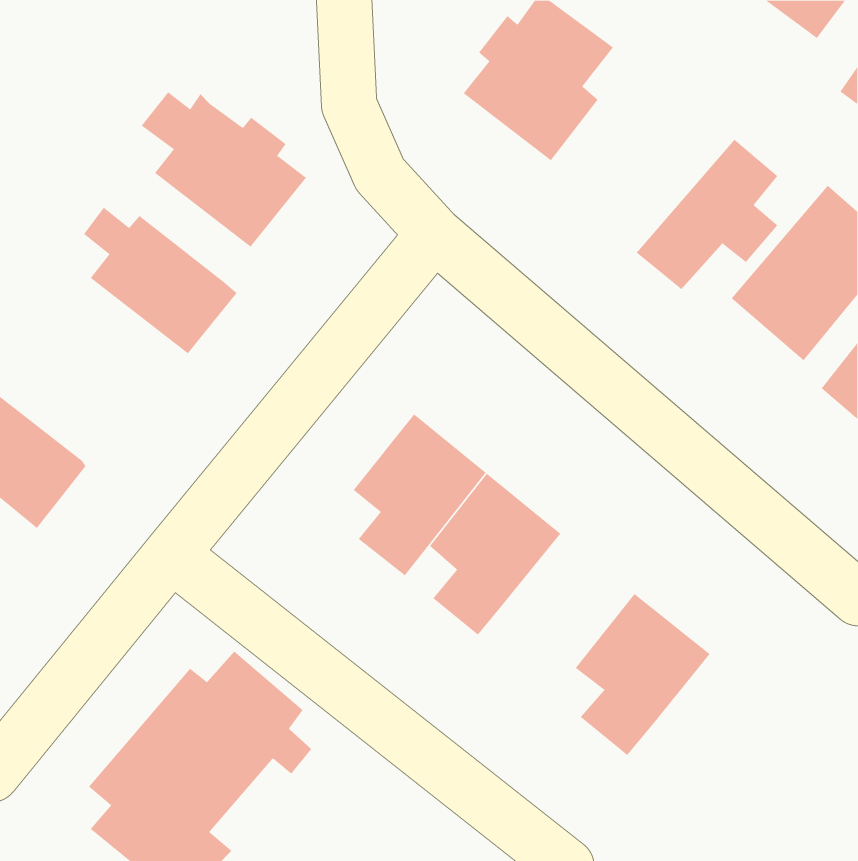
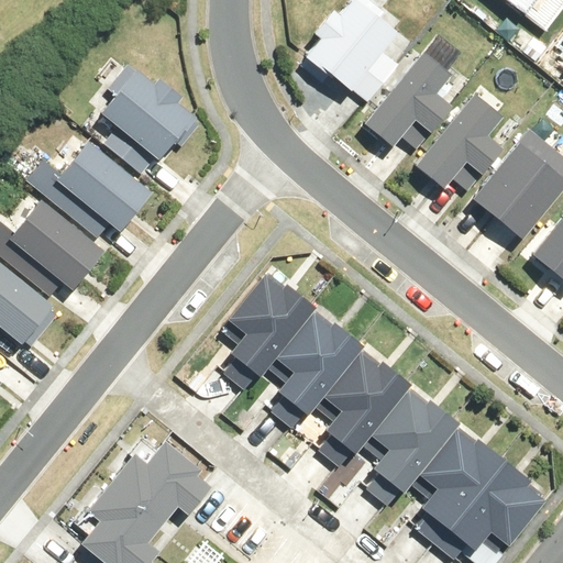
building: none -> [364,51,455,150]
building: none -> [4,196,107,291]
building: none -> [325,350,411,454]
building: none -> [423,428,549,551]

